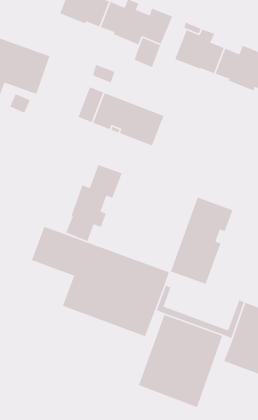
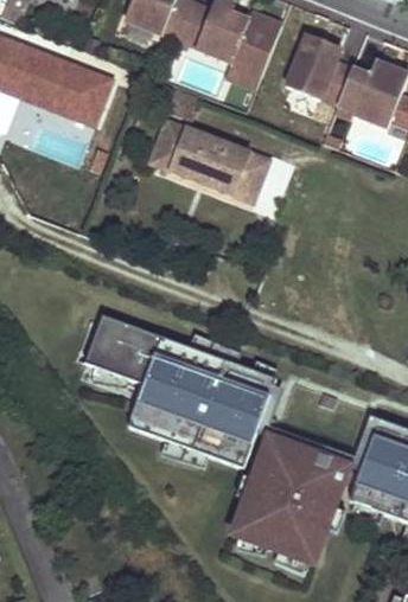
building: [65,164,123,242] -> none
building: [170,197,234,285] -> none

